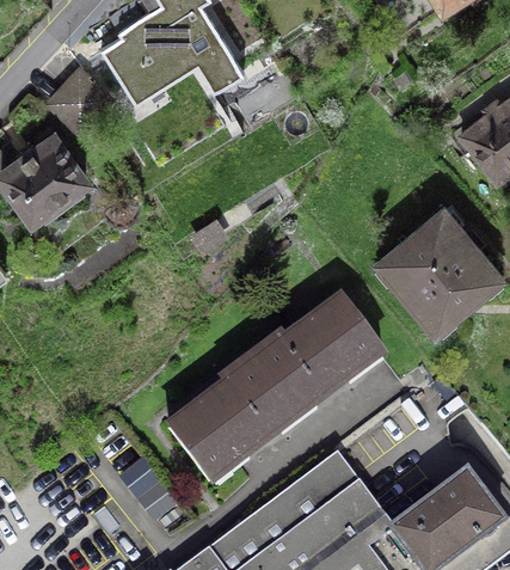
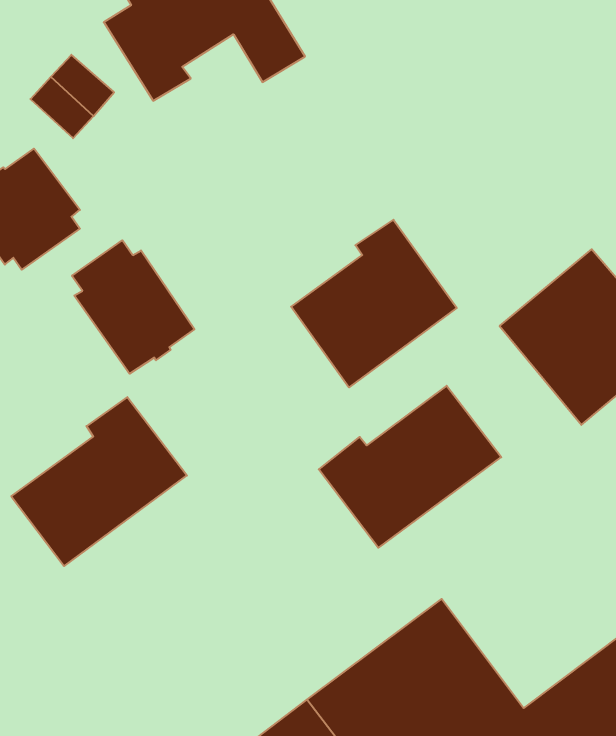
building: none -> [291,220,457,387]
building: none -> [72,240,194,374]
building: [171,361,294,479] -> [11,397,187,566]

